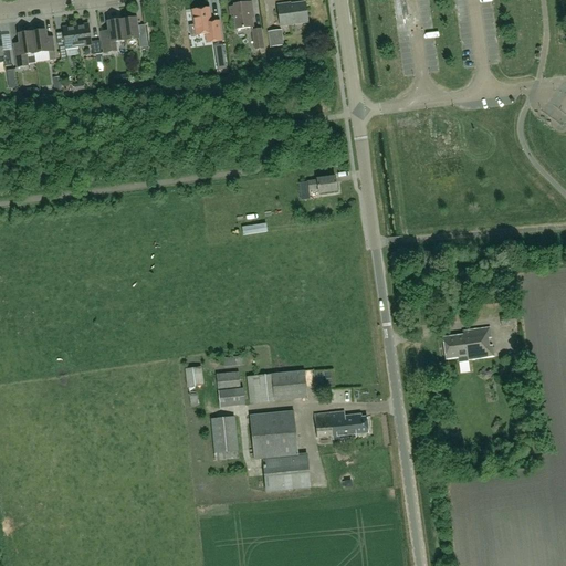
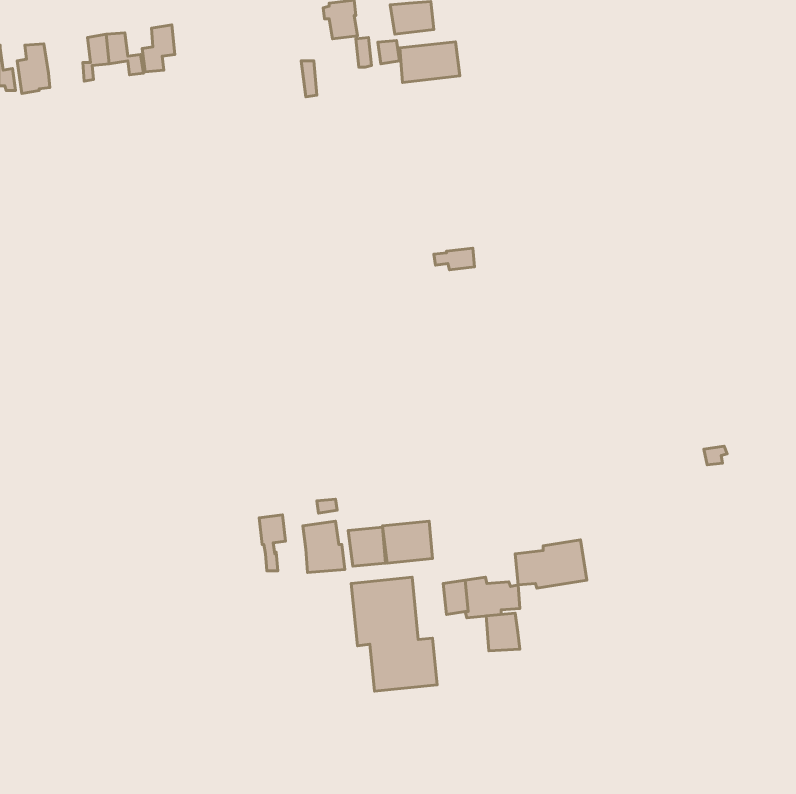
building: [189,7,221,41] -> none
building: [122,17,147,46] -> none
building: [31,29,56,59] -> none
building: none -> [400,42,460,82]
building: [442,326,493,360] -> [515,540,587,588]
building: [209,415,237,451] -> none
building: none -> [486,613,520,651]

